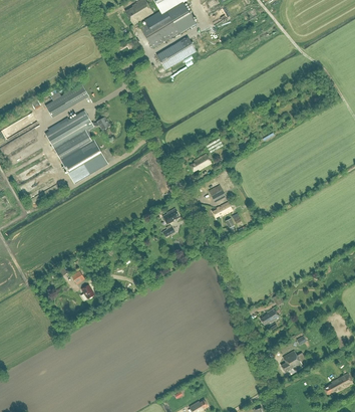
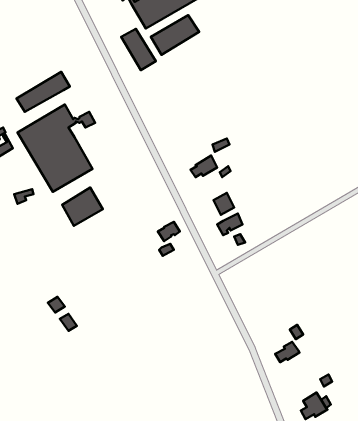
building: none -> [121,29,156,70]
building: none -> [62,188,103,226]

